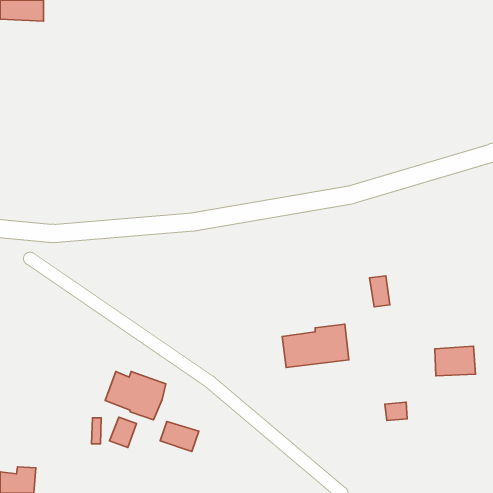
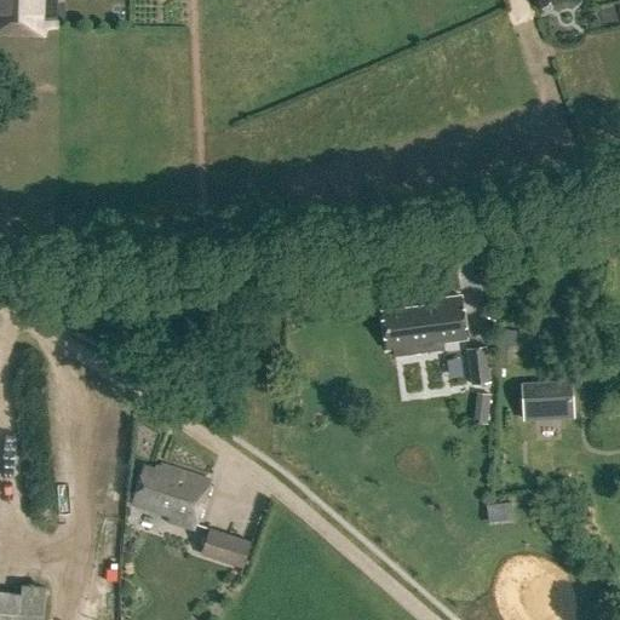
building: [282,324,349,367] -> [381,294,465,349]
building: [435,346,475,376] -> [522,381,573,419]
building: [110,417,137,447] -> none

